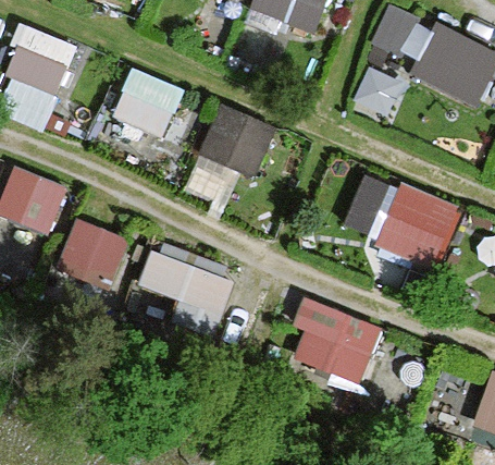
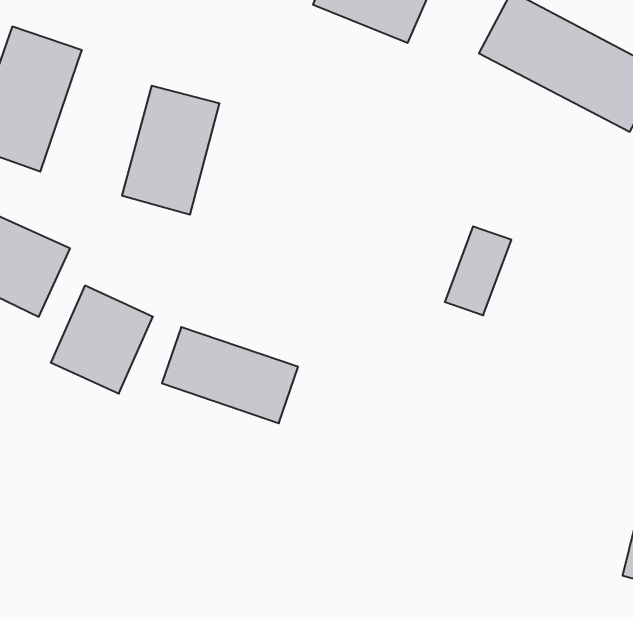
building: [178,101,280,210] -> none
building: [372,182,460,271] -> none
building: [288,299,387,388] -> none

